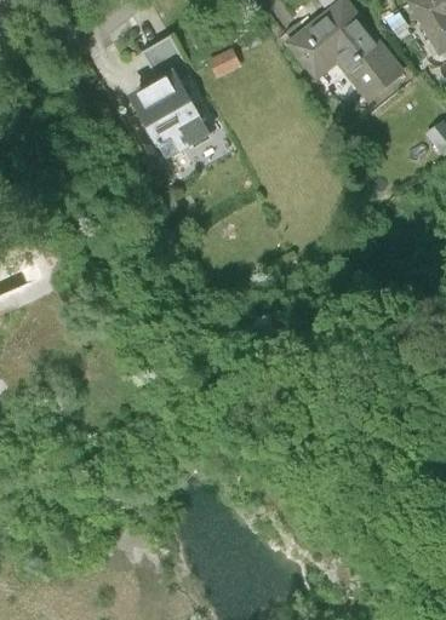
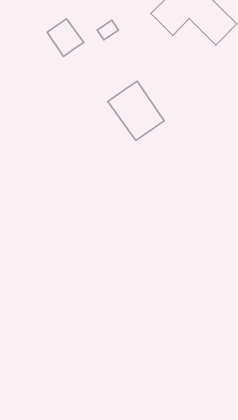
building: [133,79,207,160] -> [108,81,164,140]

